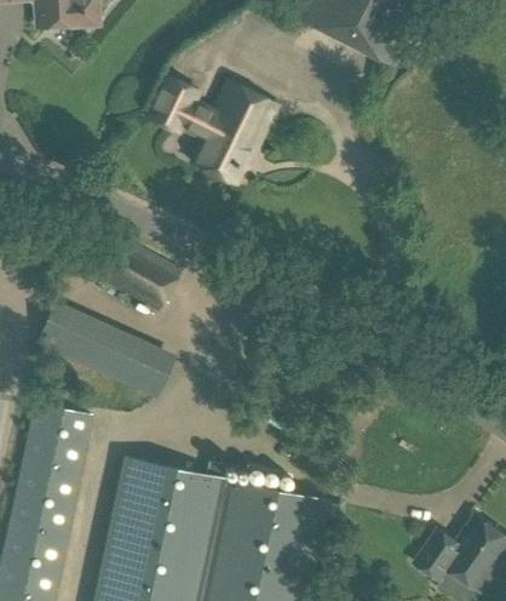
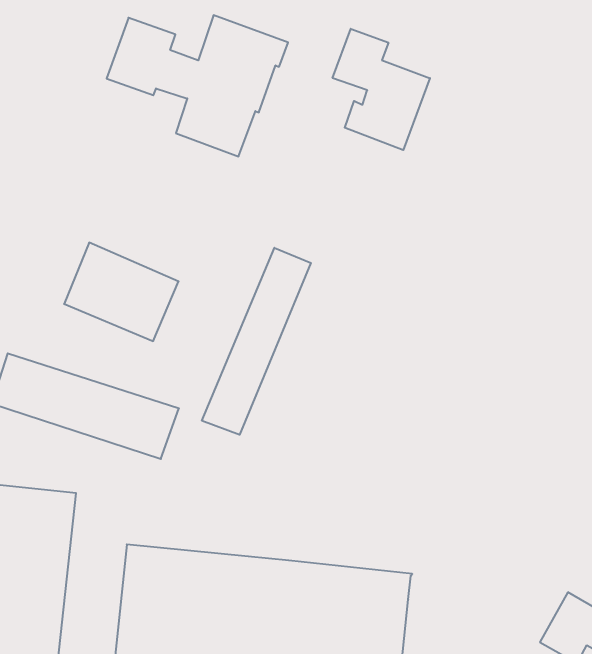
building: none -> [333,29,430,150]
building: none -> [202,248,311,435]

